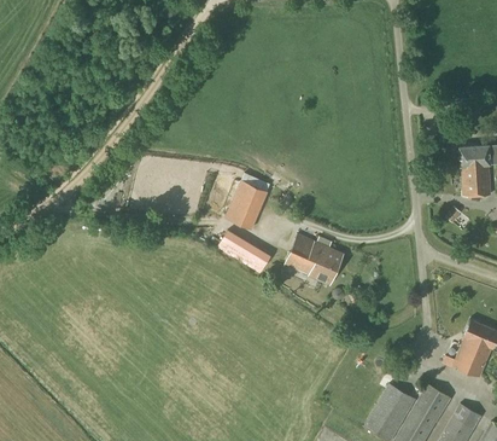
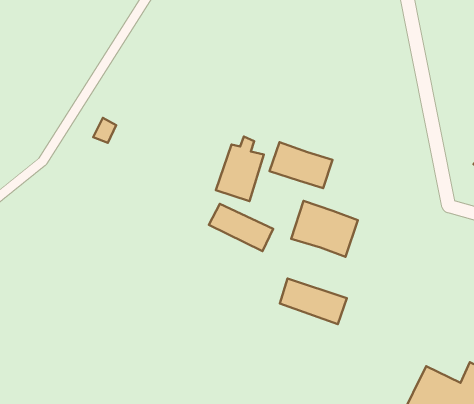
building: none -> [269,142,332,188]
building: none -> [280,279,347,324]

